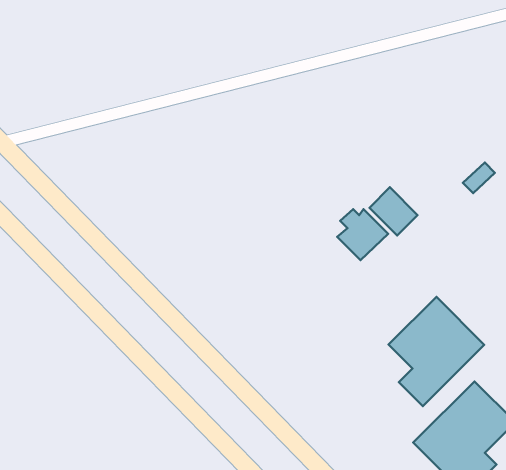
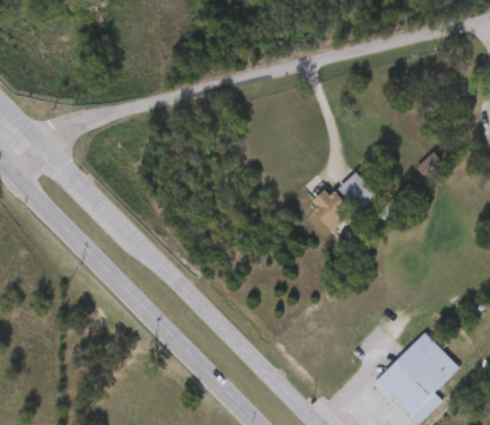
building: [389,297,484,406] -> none

